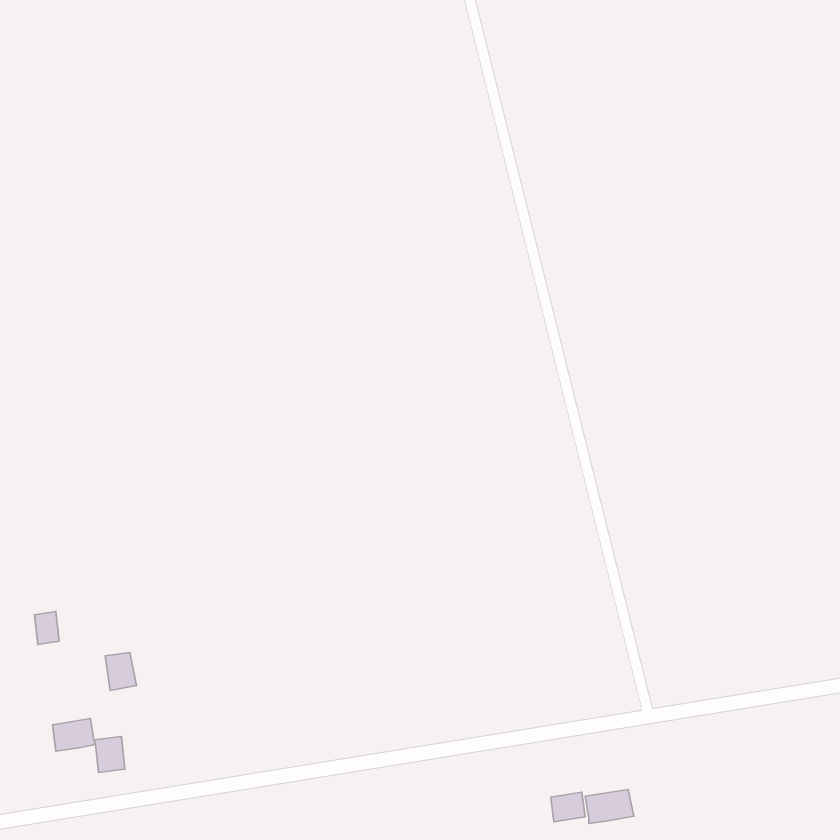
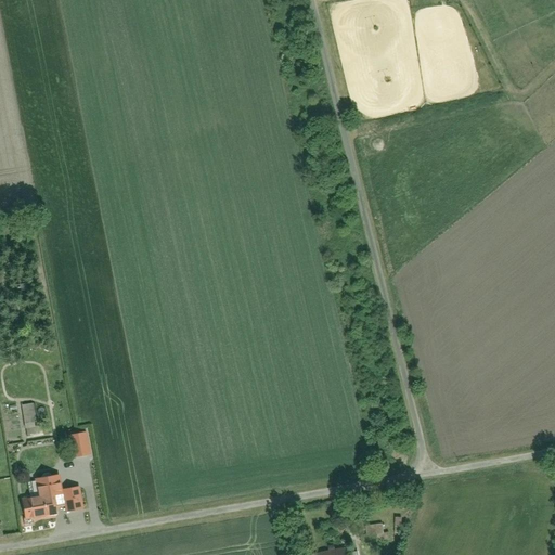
building: none -> [22,493,55,517]
building: [585,789,634,824] -> none

